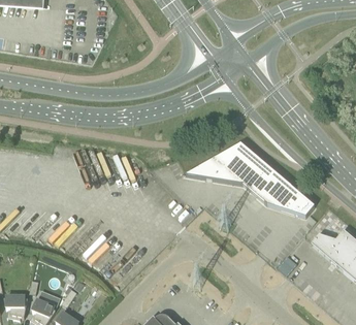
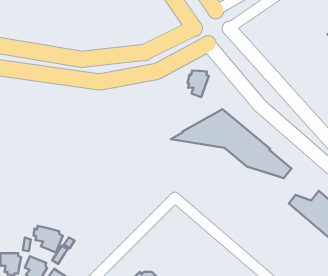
building: none -> [188,71,209,97]
building: none -> [33,226,63,252]

